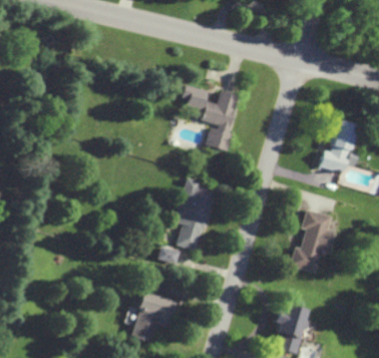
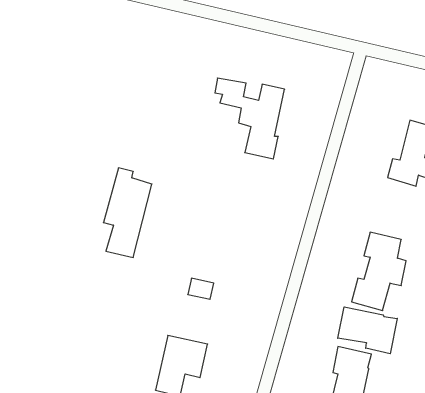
building: [175,177,215,250] -> [103,168,152,257]
building: none -> [338,307,397,354]

